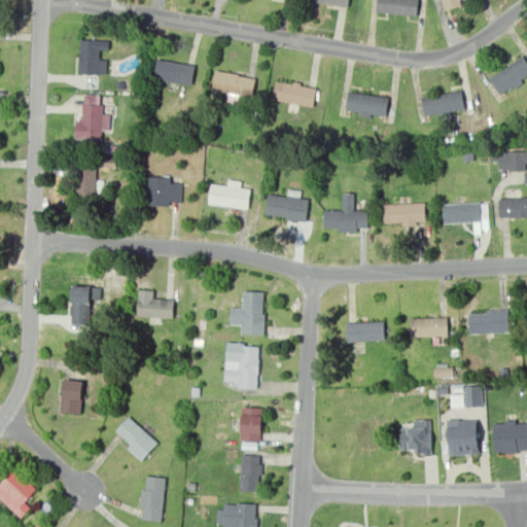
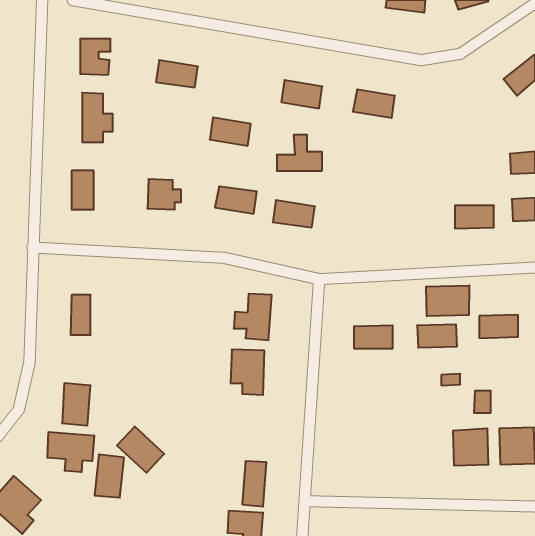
building: [212,70,252,98] -> [210,117,251,146]
building: [424,87,465,115] -> none
building: [324,194,368,229] -> [277,135,322,171]
building: [387,201,425,223] -> none
building: none -> [426,285,469,316]
building: [136,289,174,317] -> none
building: [242,407,265,443] -> none
building: [394,418,429,454] -> none
building: none -> [47,432,94,472]
building: [140,478,169,520] -> [95,454,124,498]

